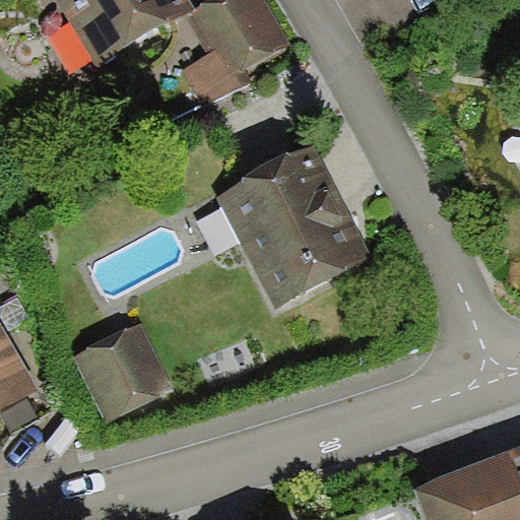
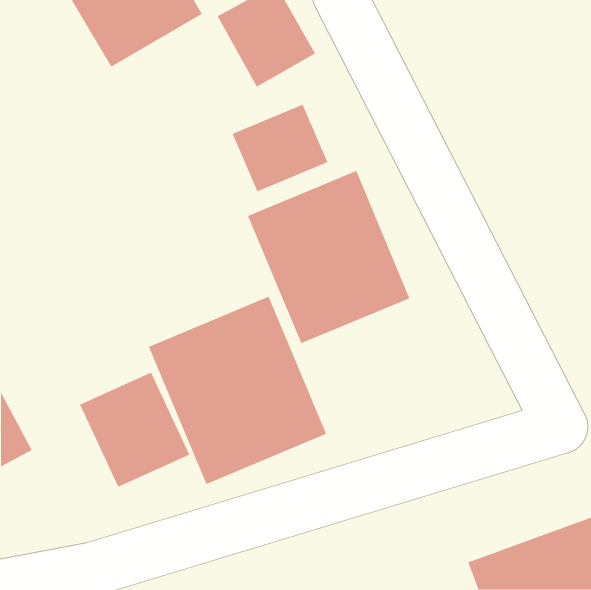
building: none -> [232,104,328,192]
building: none -> [148,296,327,485]

